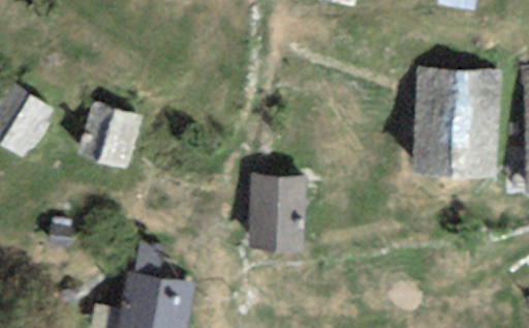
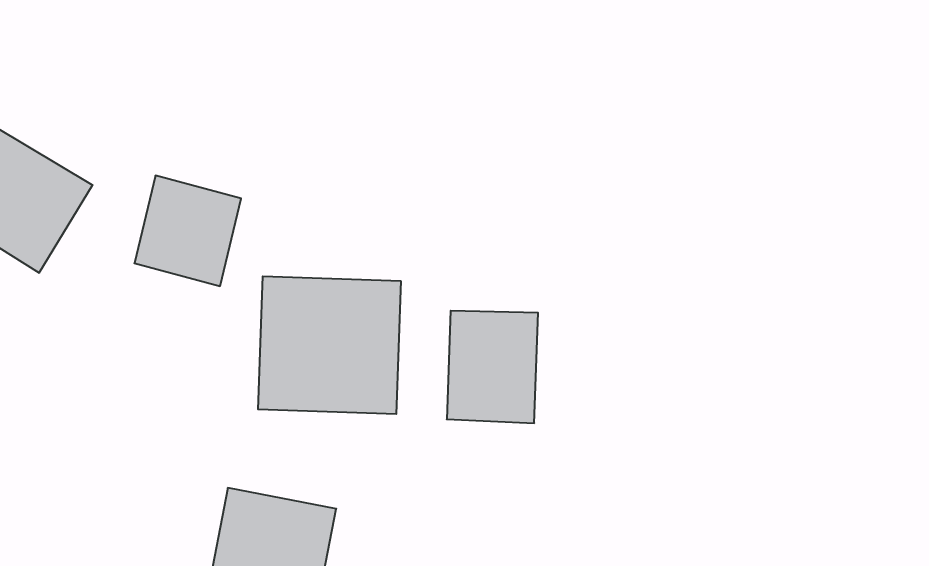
building: [419,74,492,166] -> none
building: none -> [258,276,401,414]

